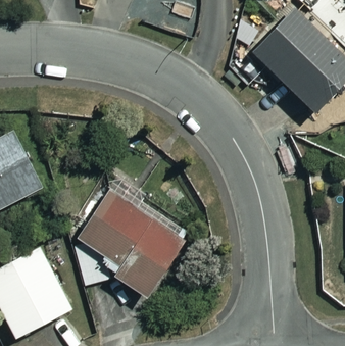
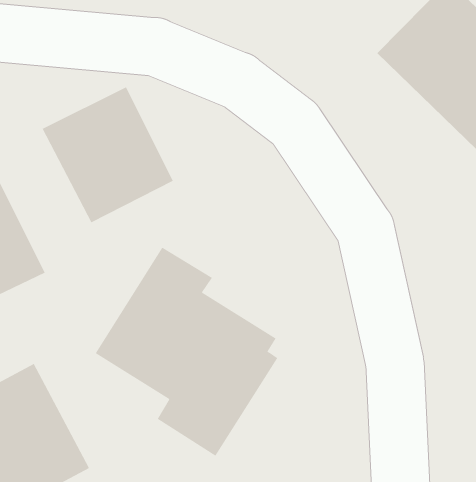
building: none -> [42,86,174,223]

